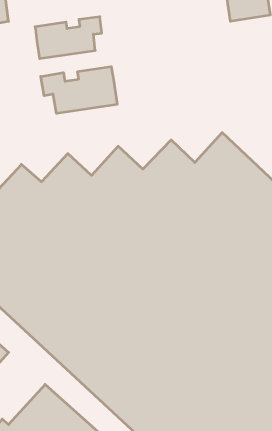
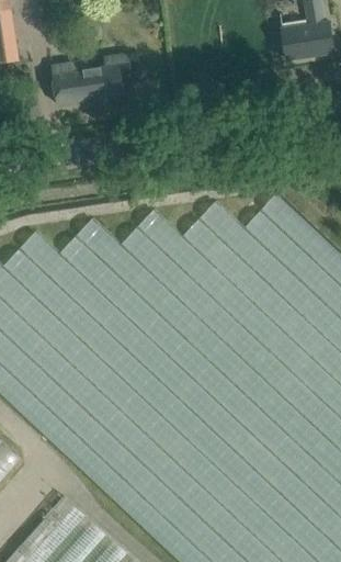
building: [41,67,117,113] -> none

